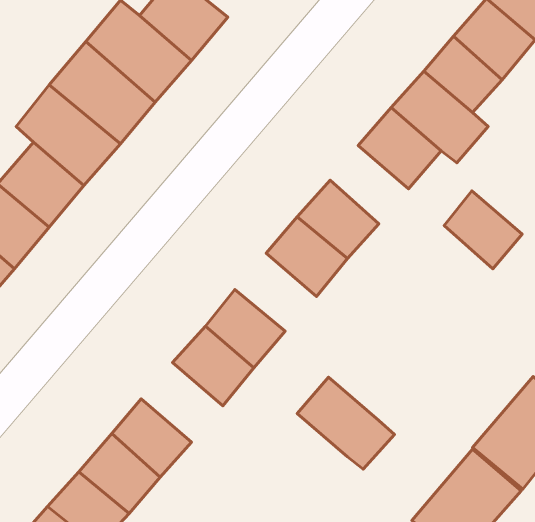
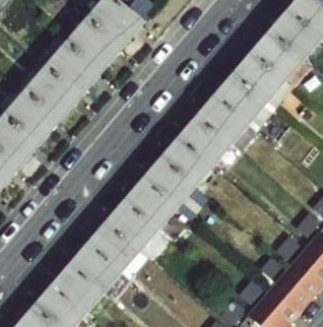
building: [444,191,522,269] -> [201,94,247,140]
building: none -> [145,157,193,203]
building: [297,377,394,469] -> [90,221,147,275]

